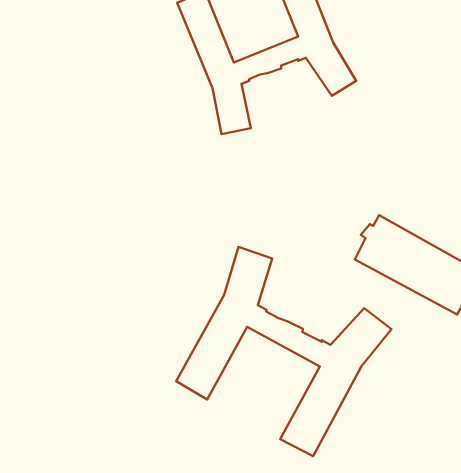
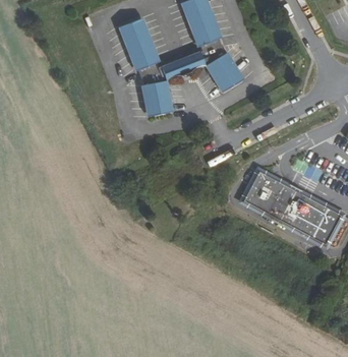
building: [176,247,391,456] -> none

